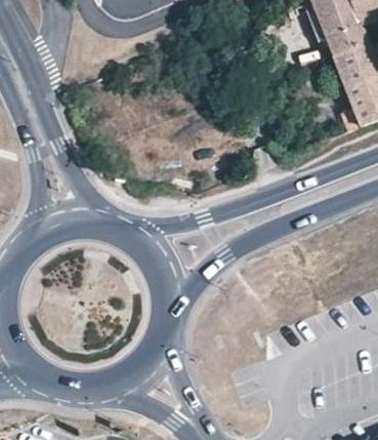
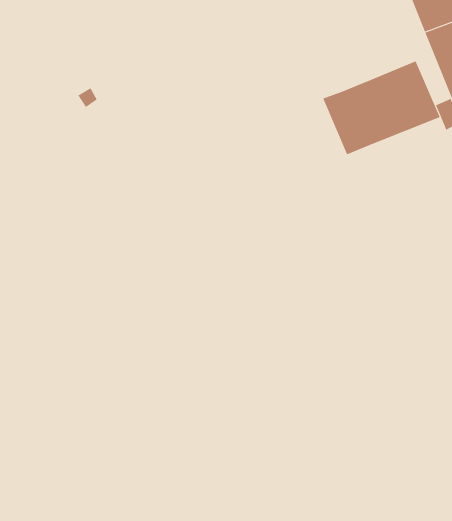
building: none -> [323,61,440,155]

